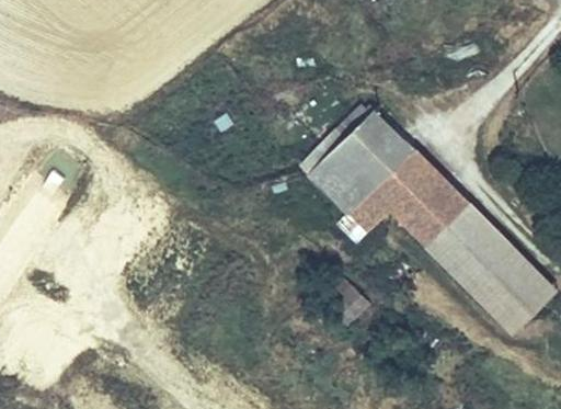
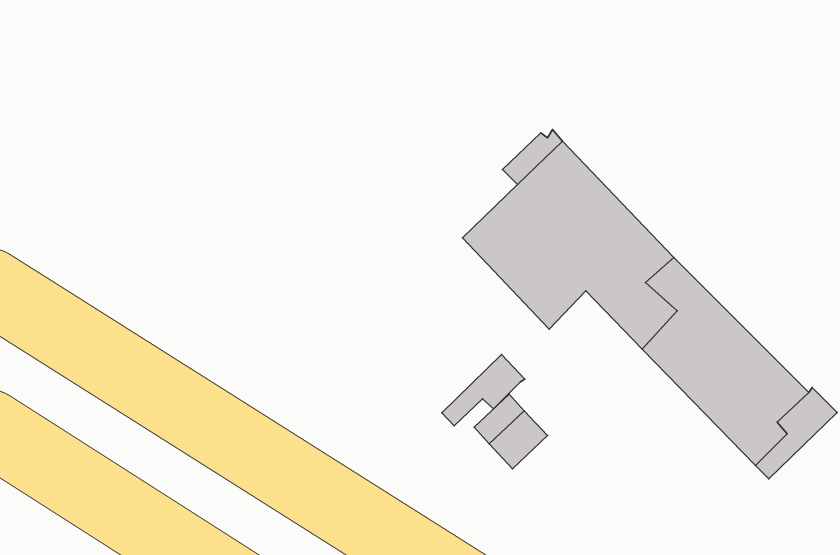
building: none -> [442,354,525,426]

